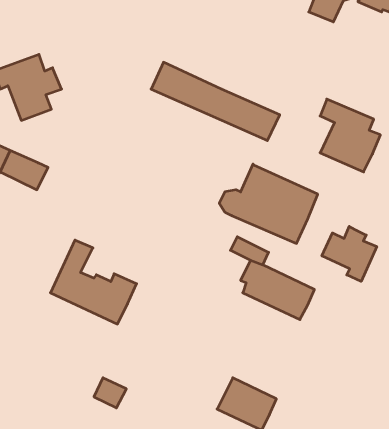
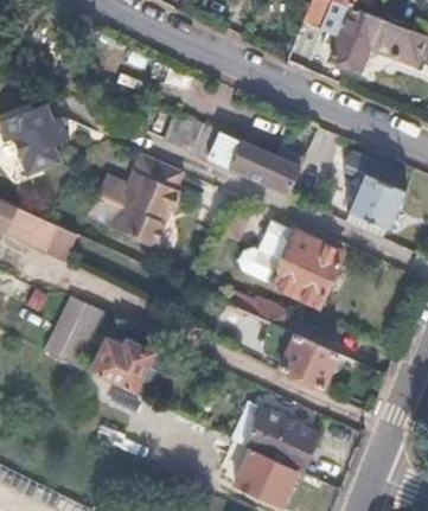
building: none -> [102,149,166,237]
building: [322,226,377,281] -> none
building: none -> [245,407,320,471]

